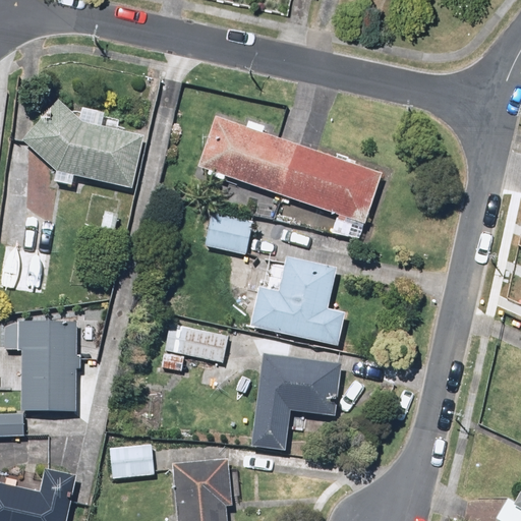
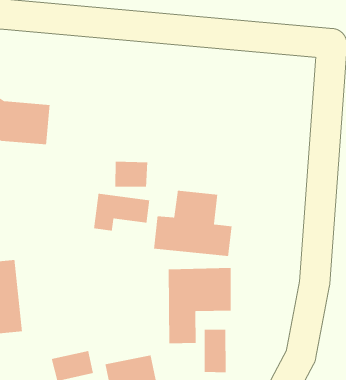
building: [195,114,383,222] -> none
building: [159,321,233,370] -> [93,193,150,232]
building: none -> [204,329,227,373]

